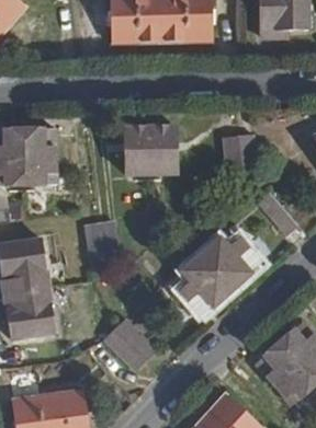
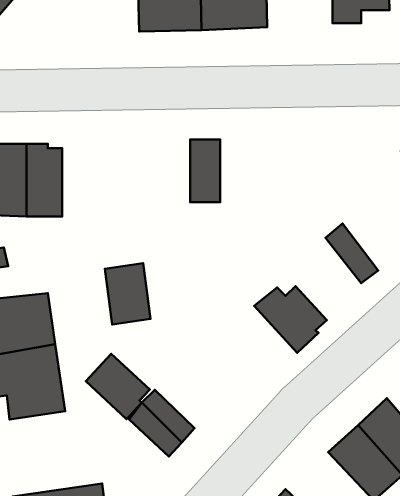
building: [125,125,151,173] -> none
building: [225,131,260,182] -> none
building: [179,253,234,312] -> none
building: none -> [86,354,150,419]

